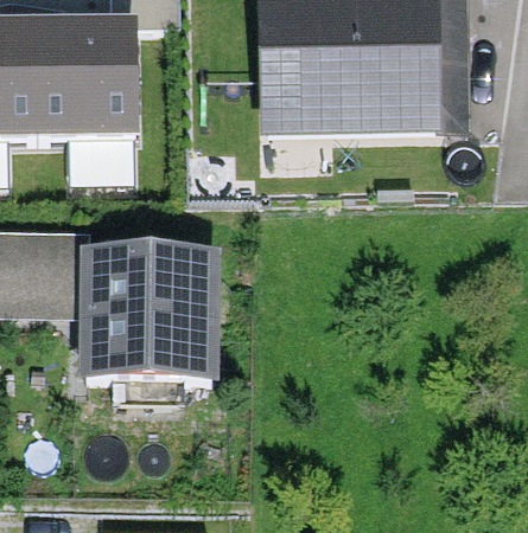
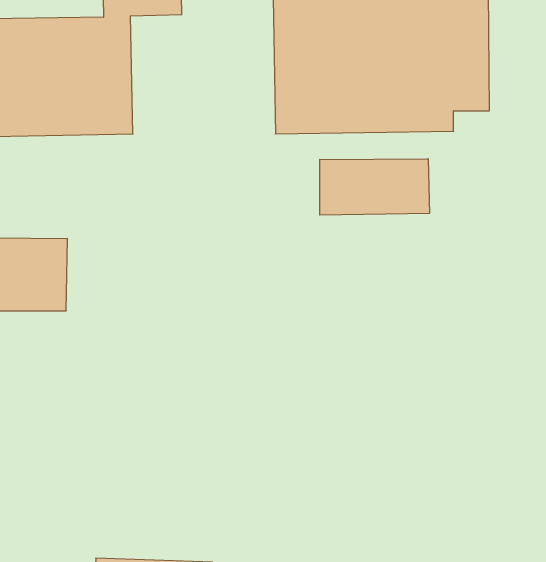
building: none -> [320,159,429,215]
building: [87,257,209,377] -> none

